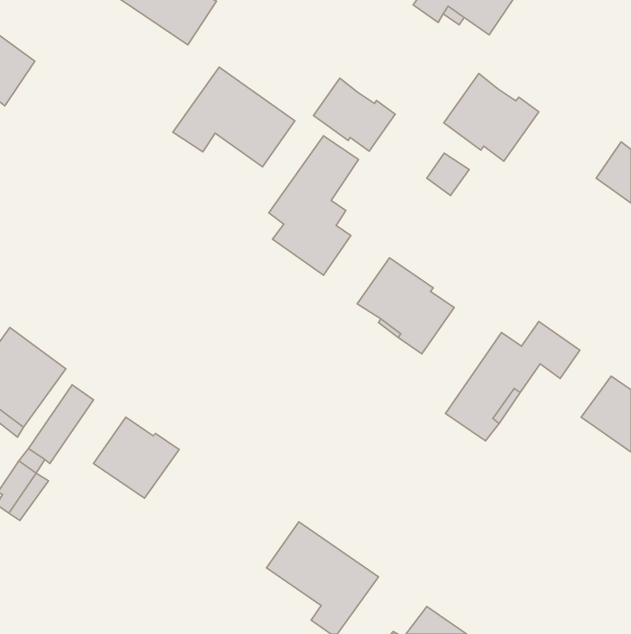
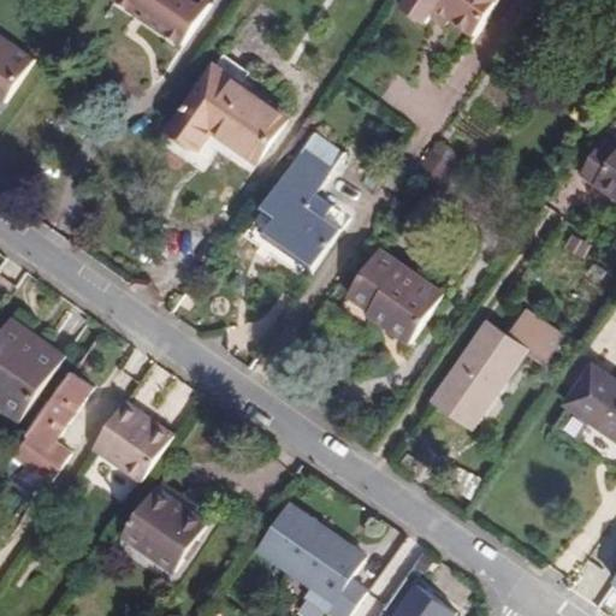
building: [444,74,539,161] -> none
building: [314,78,395,151] -> none
building: none -> [120,487,206,570]

